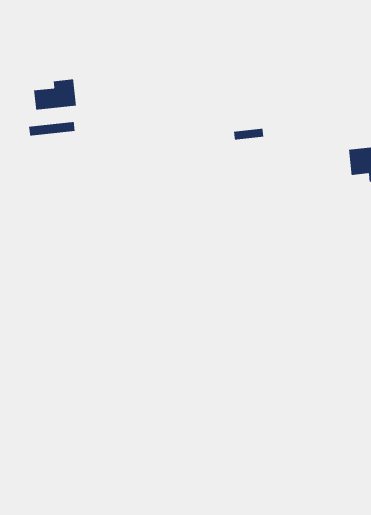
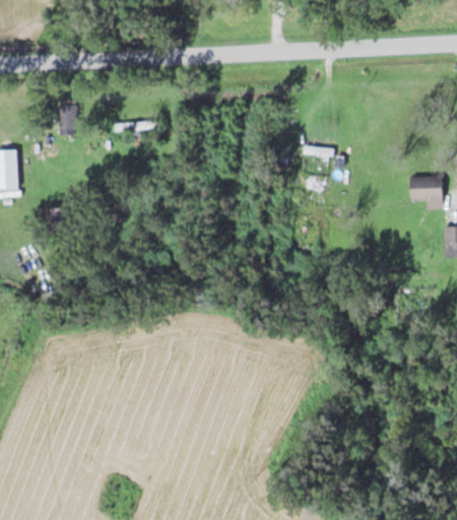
building: [33,79,76,110] -> none

